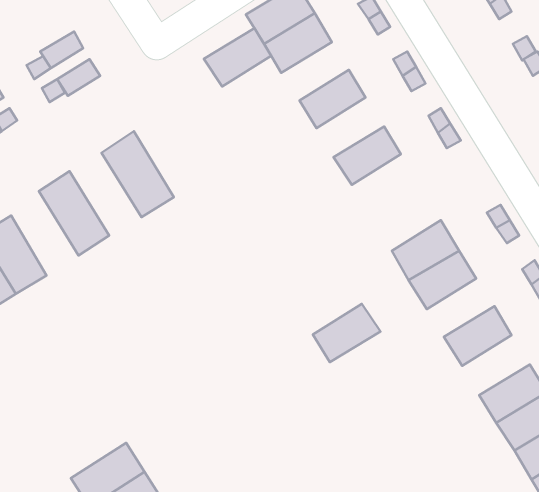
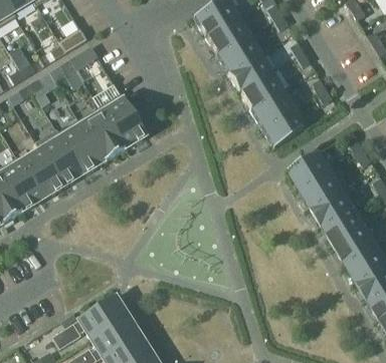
building: [204,28,271,86] -> [215,34,259,72]
building: none -> [238,70,282,109]
building: none -> [76,106,124,160]
building: none -> [261,107,306,147]
building: none -> [38,131,82,187]
building: [313,304,380,362] -> [311,189,355,227]
building: none -> [334,226,378,265]

